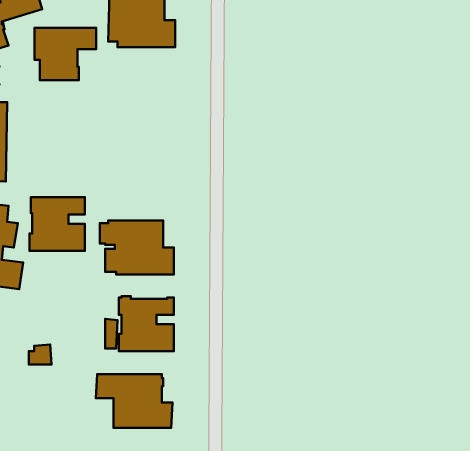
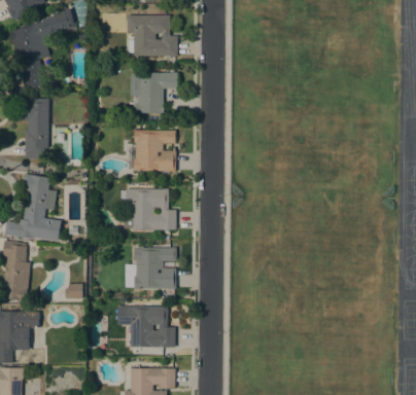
building: [34,28,96,80] -> [131,72,178,112]
building: [30,197,85,251] -> [134,130,176,171]

